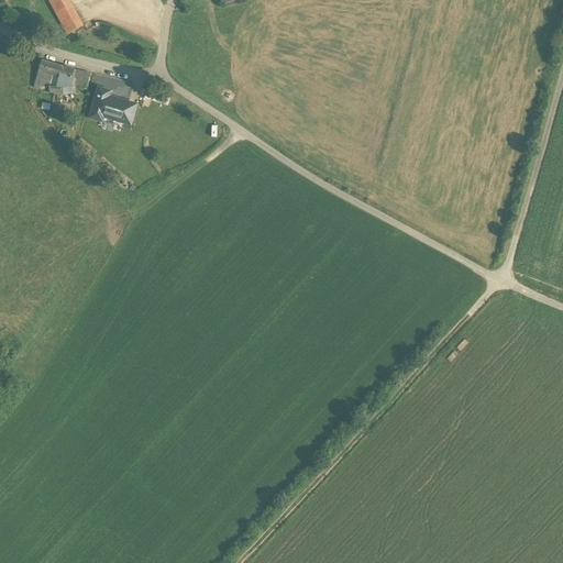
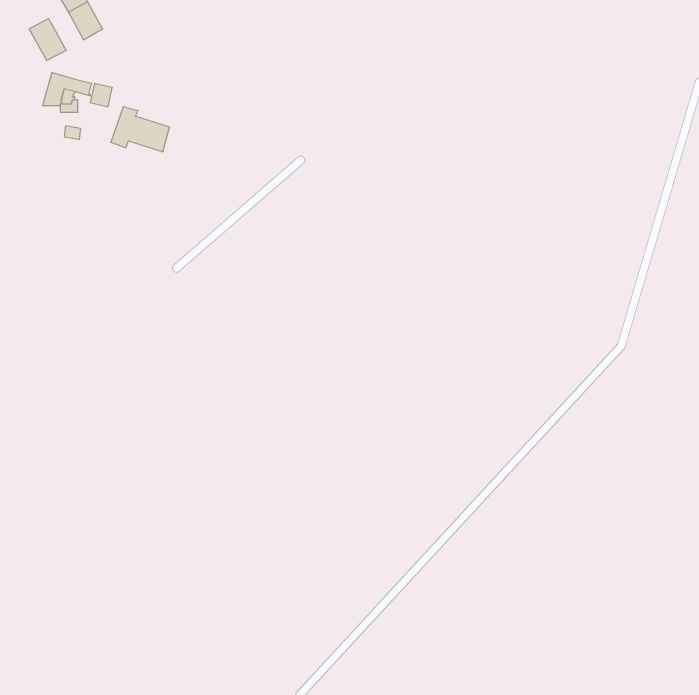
building: none -> [29,19,66,61]

